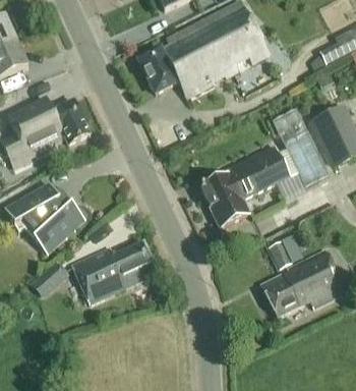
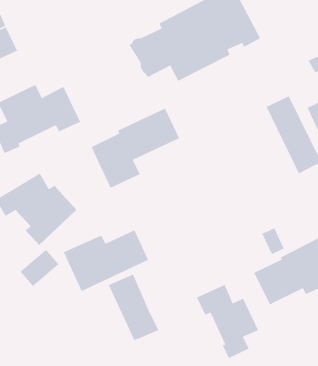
building: [199,146,288,226] -> [91,108,180,189]
building: none -> [107,274,160,341]
building: none -> [196,284,259,359]

